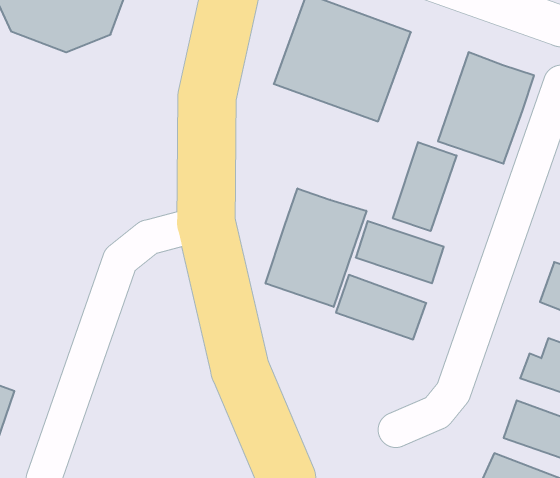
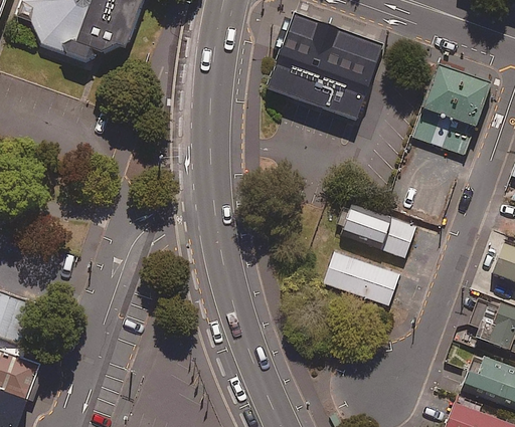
building: [393,142,457,231] -> none
building: [266,188,366,307] -> none

